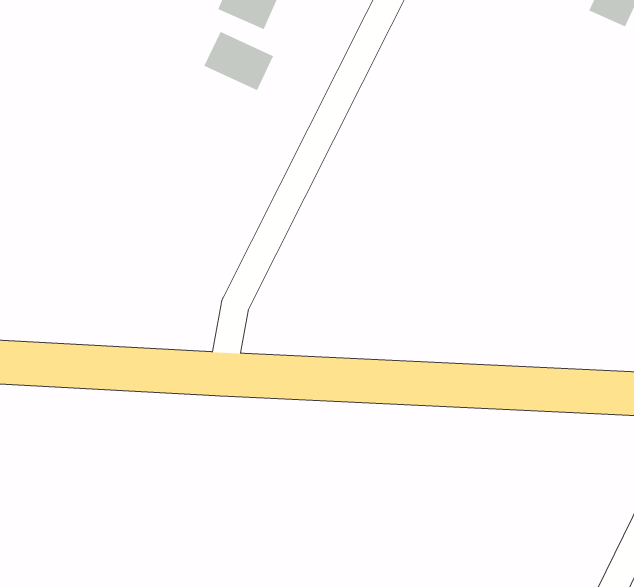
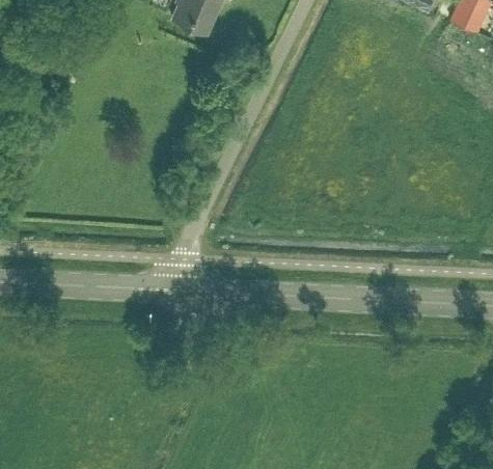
building: [203,31,274,91] -> none

